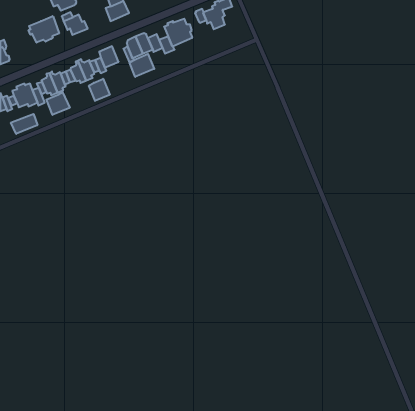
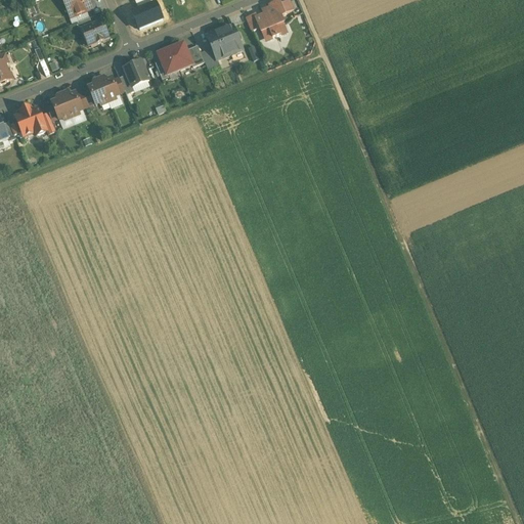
building: [29,16,59,43] -> none
building: [130,54,154,77] -> none
building: [89,79,110,101] -> none
building: [46,92,70,115] -> none
building: [11,114,37,134] -> none

